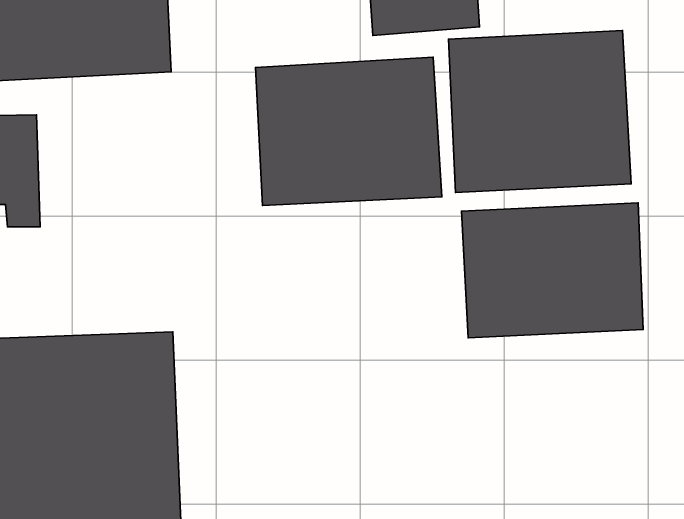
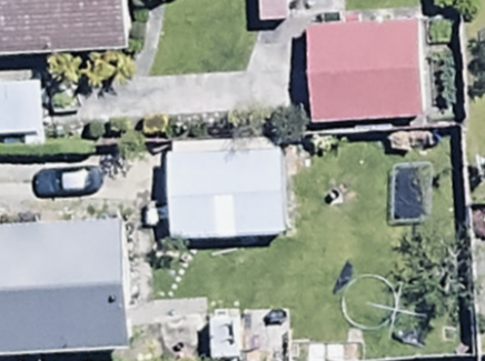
building: [256,57,442,205] -> [162,143,283,239]
building: [461,203,643,338] -> none

